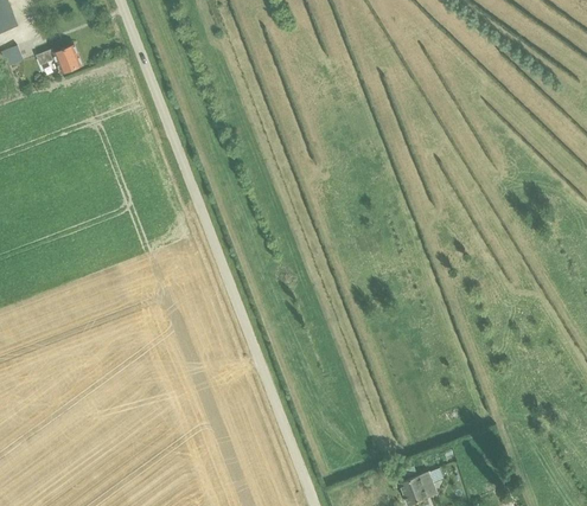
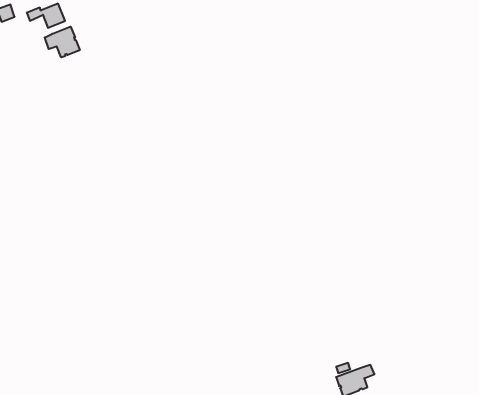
building: none -> [45,27,80,57]

